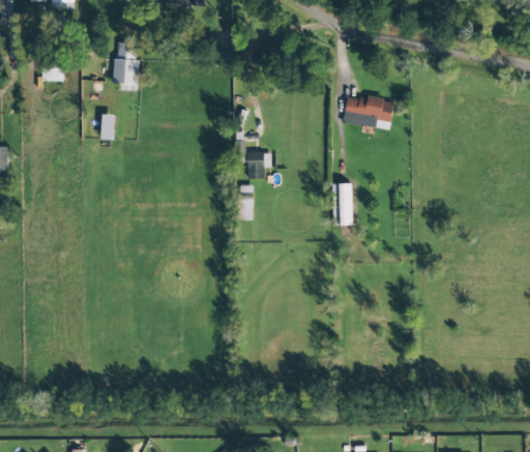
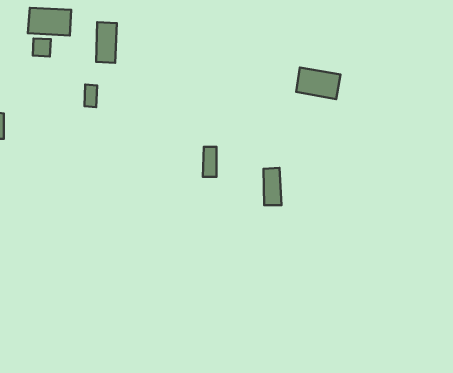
building: none -> [28,8,71,35]
building: [247,151,271,179] -> none
building: [332,183,353,225] -> [263,168,281,205]

